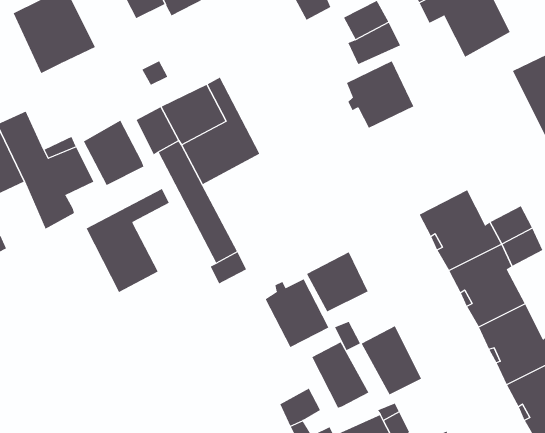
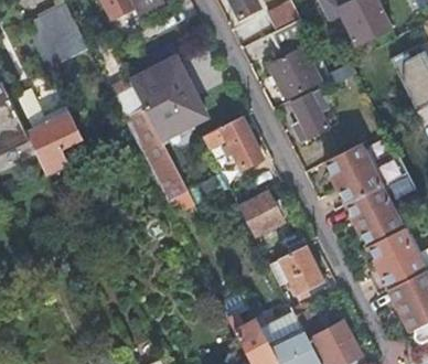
building: none -> [291,92,329,143]
building: [83,120,144,186] -> none
building: none -> [203,117,261,169]
building: [86,188,170,293] -> none
building: [265,279,329,348] -> none
building: [311,341,369,408] -> none

